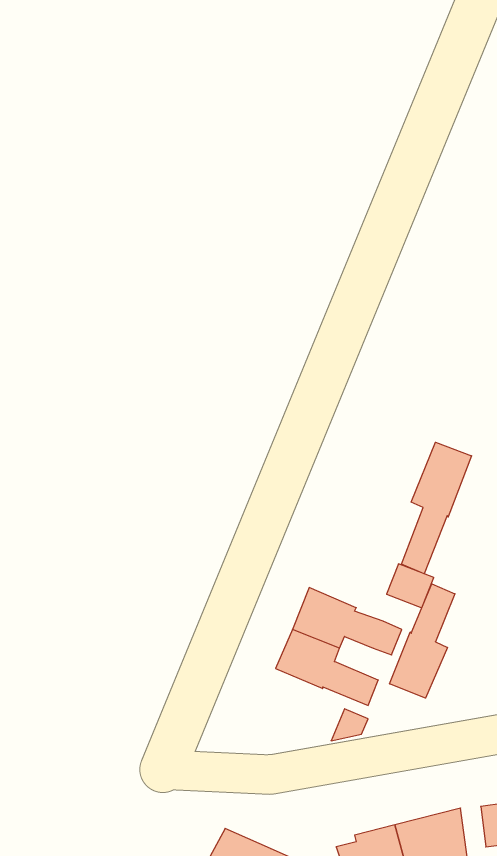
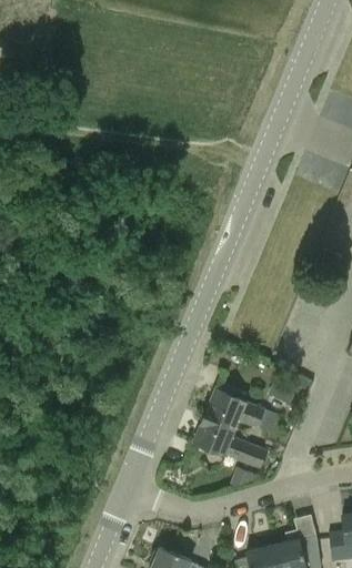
building: [401,442,472,574] -> none
building: [390,584,455,698] -> none

